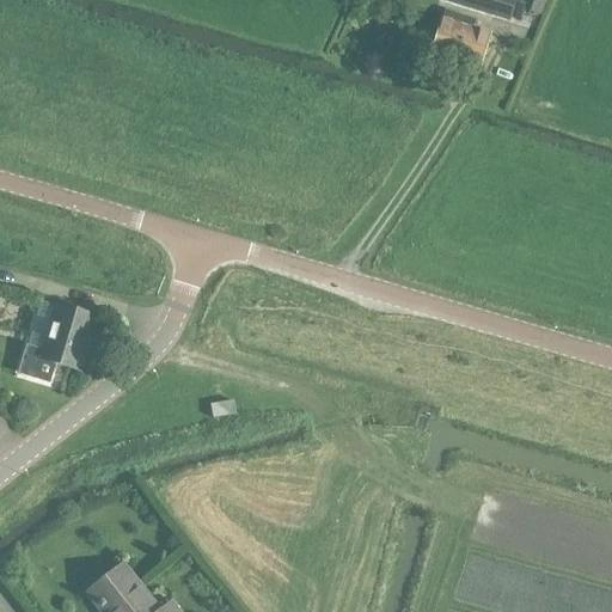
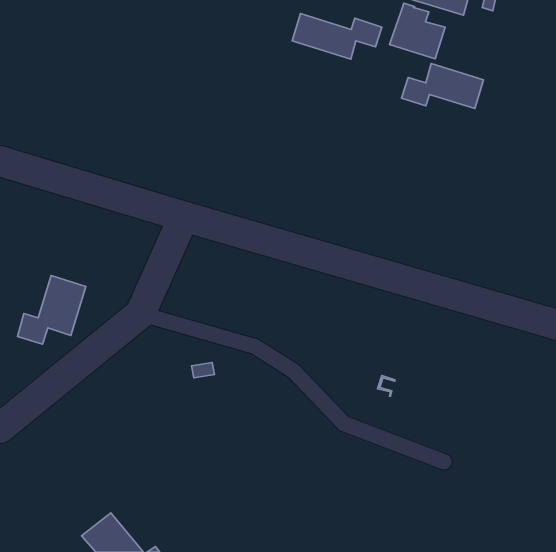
building: none -> [292,13,382,59]
building: none -> [402,64,484,109]

